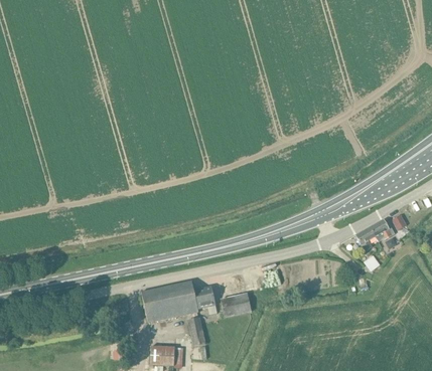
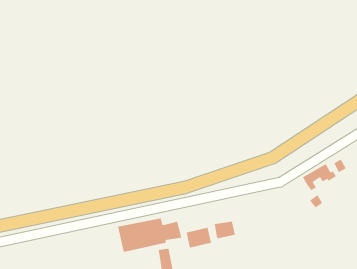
building: none -> [214,221,236,239]

